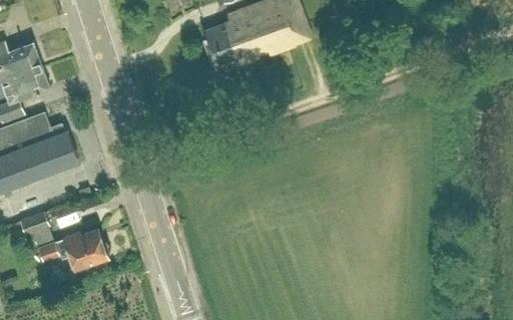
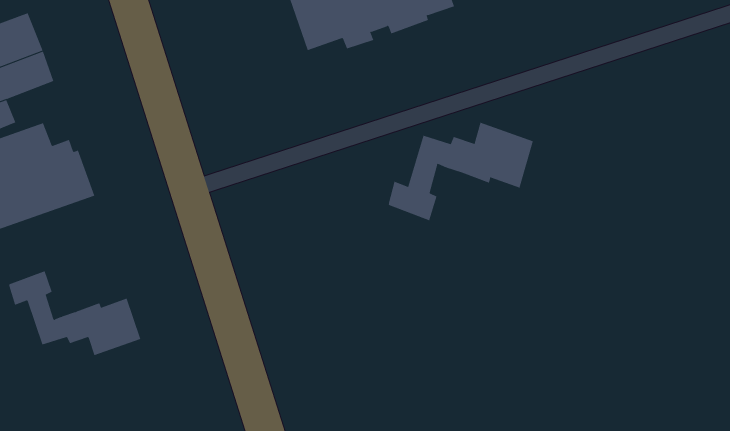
building: none -> [388,122,533,221]

